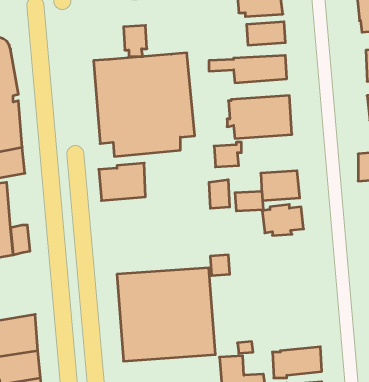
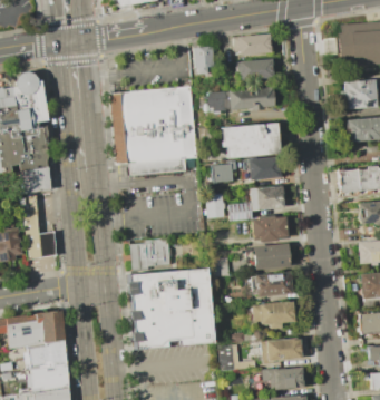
building: [124,25,147,57] -> [194,46,214,72]
building: none -> [247,158,284,181]
building: [99,163,145,201] -> [134,238,174,271]
building: none -> [251,244,293,270]
building: none -> [254,273,296,297]
building: none -> [256,302,300,324]

